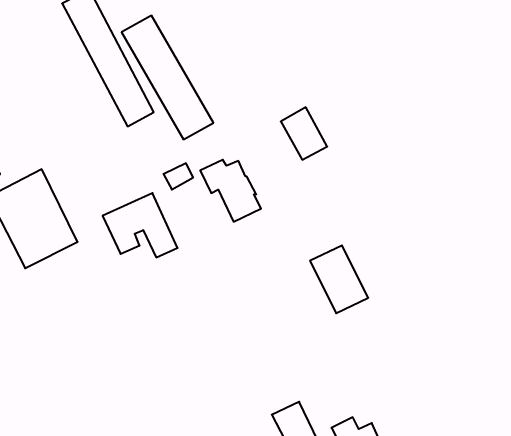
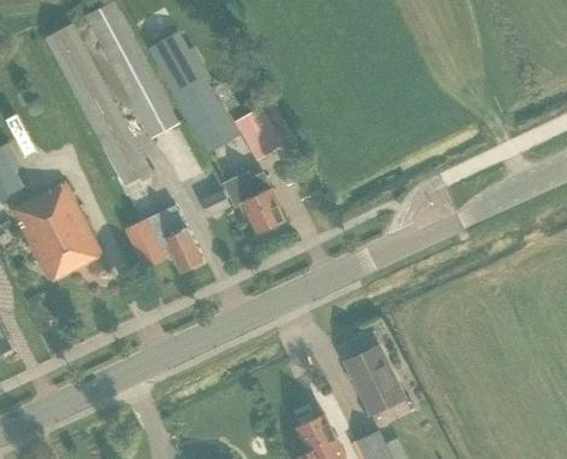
building: none -> [44,24,150,185]
building: [281,107,327,160] -> [234,106,281,159]
building: [310,245,368,313] -> [345,345,403,414]

